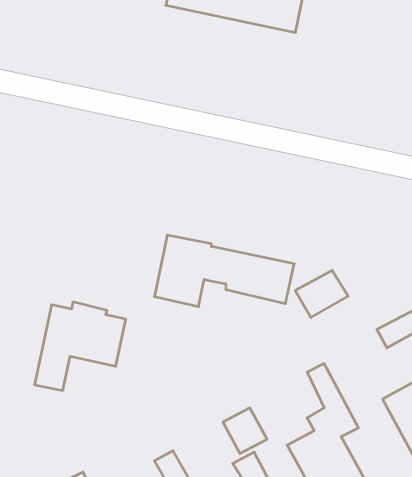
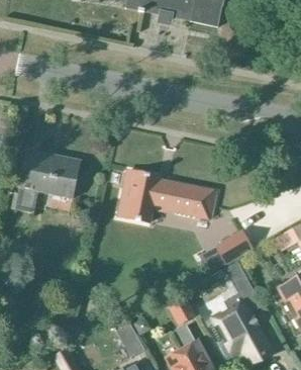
building: [295,270,348,318] -> [214,232,252,265]
building: [34,302,126,390] -> [13,150,78,212]

